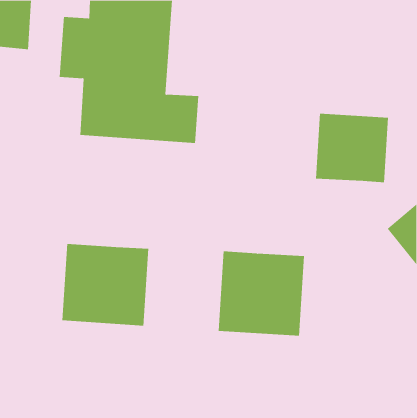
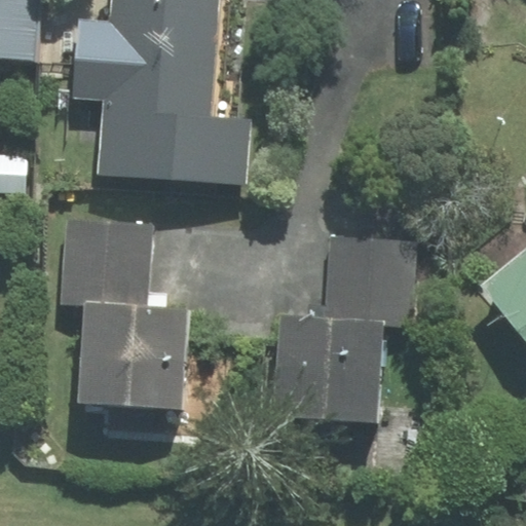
building: [315,113,389,183] -> [323,236,415,324]
building: none -> [59,221,152,310]

